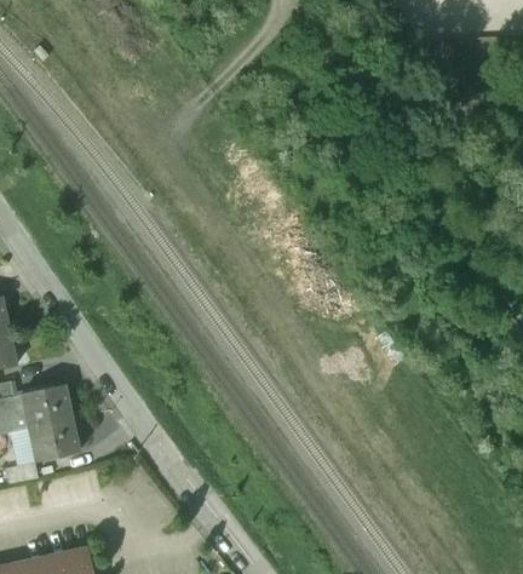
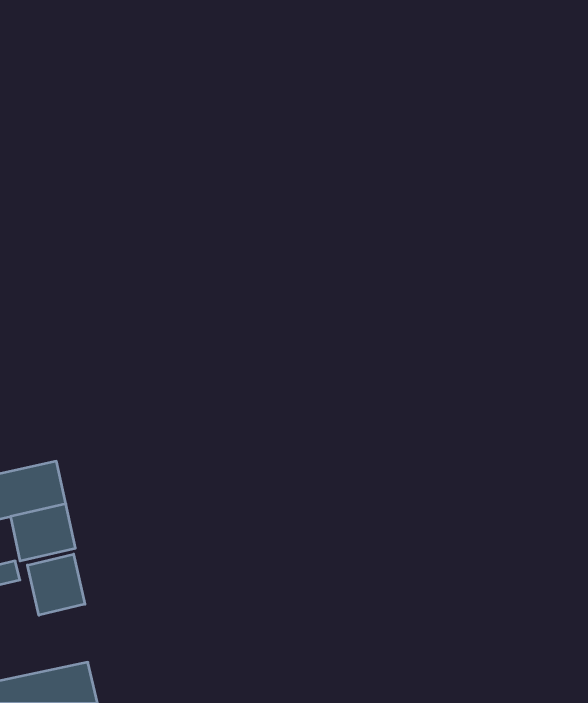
building: none -> [27,554,85,615]

